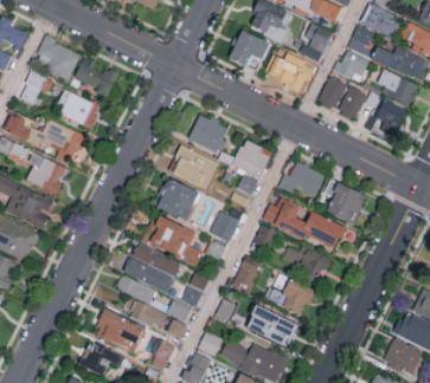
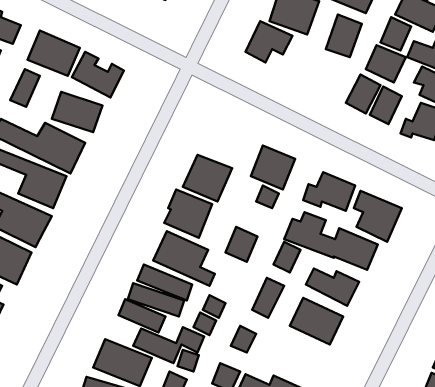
building: [269,53,315,91] -> none
building: [188,113,230,151] -> none
building: [245,306,297,346] -> none

